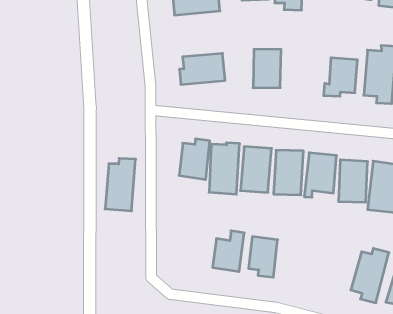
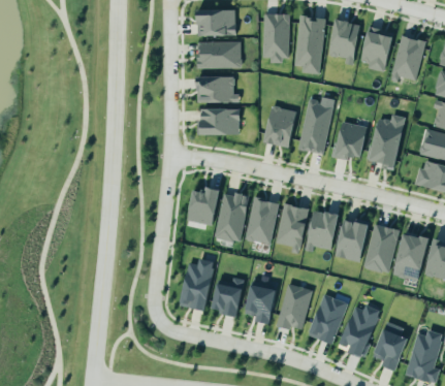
building: none -> [197,75,240,103]
building: none -> [299,100,332,154]
building: [105,158,136,211] -> [181,259,214,310]
building: none -> [277,284,311,330]
building: none -> [309,294,347,344]

